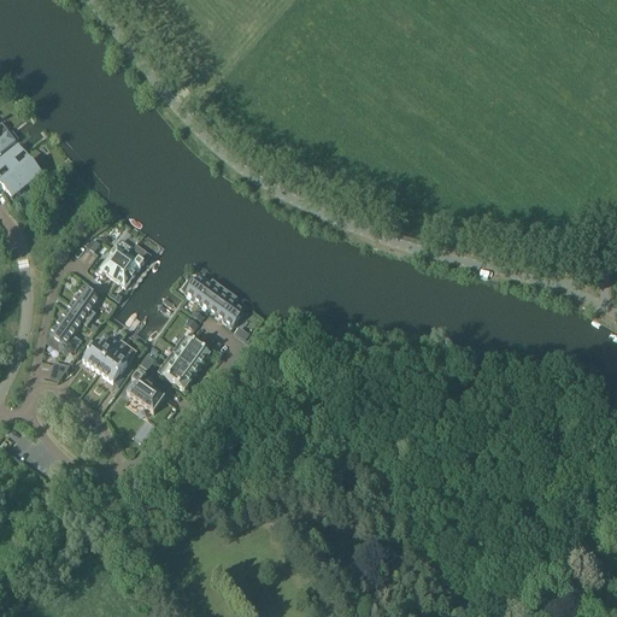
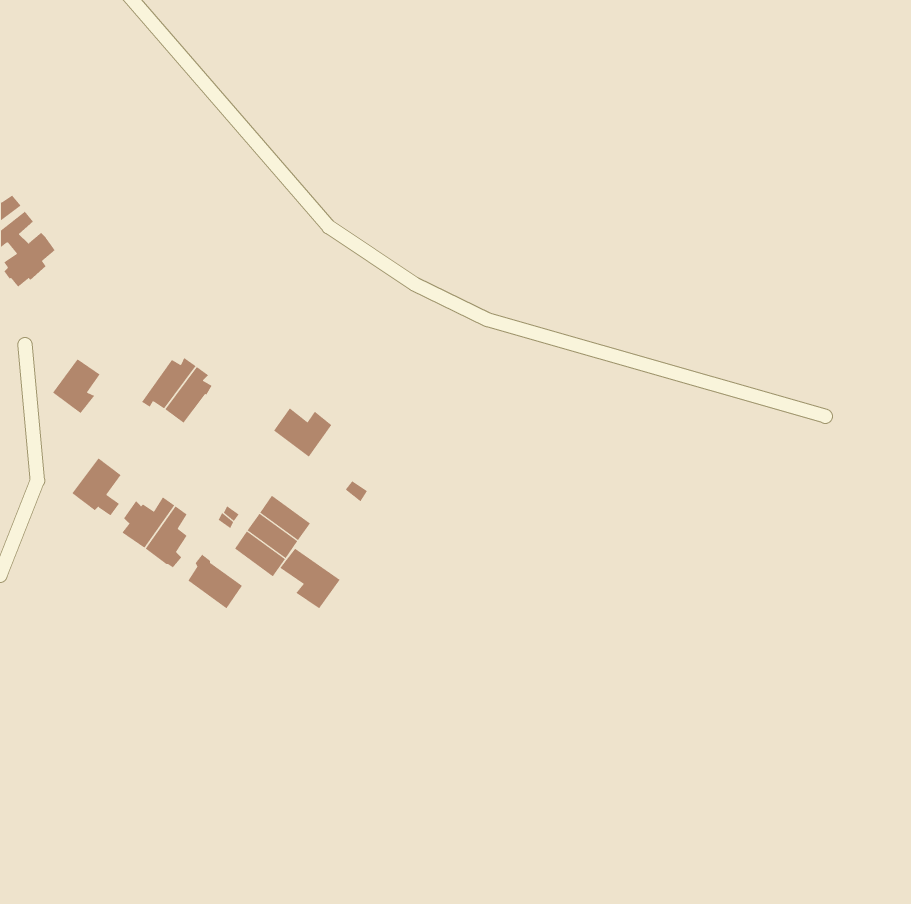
building: [67,286,100,323] -> [52,358,100,414]
building: [210,287,245,325] -> none
building: none -> [279,548,340,609]

